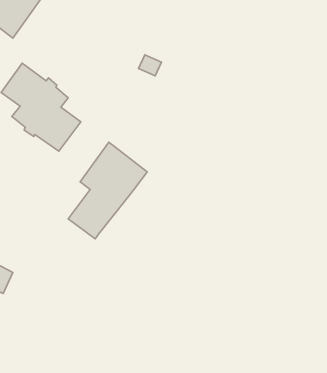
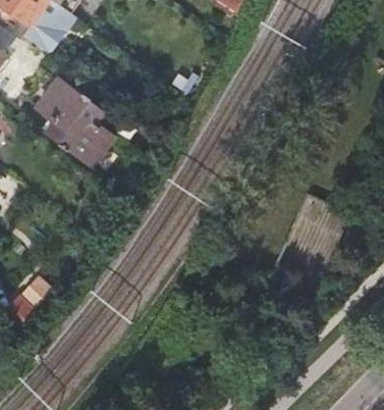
building: [68,142,147,239] -> none

